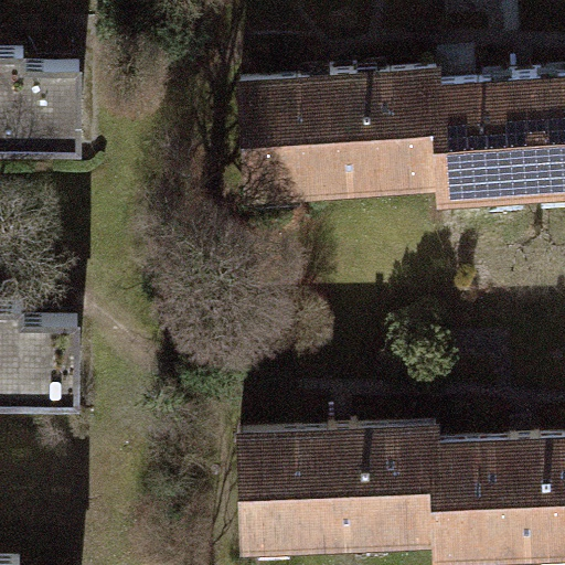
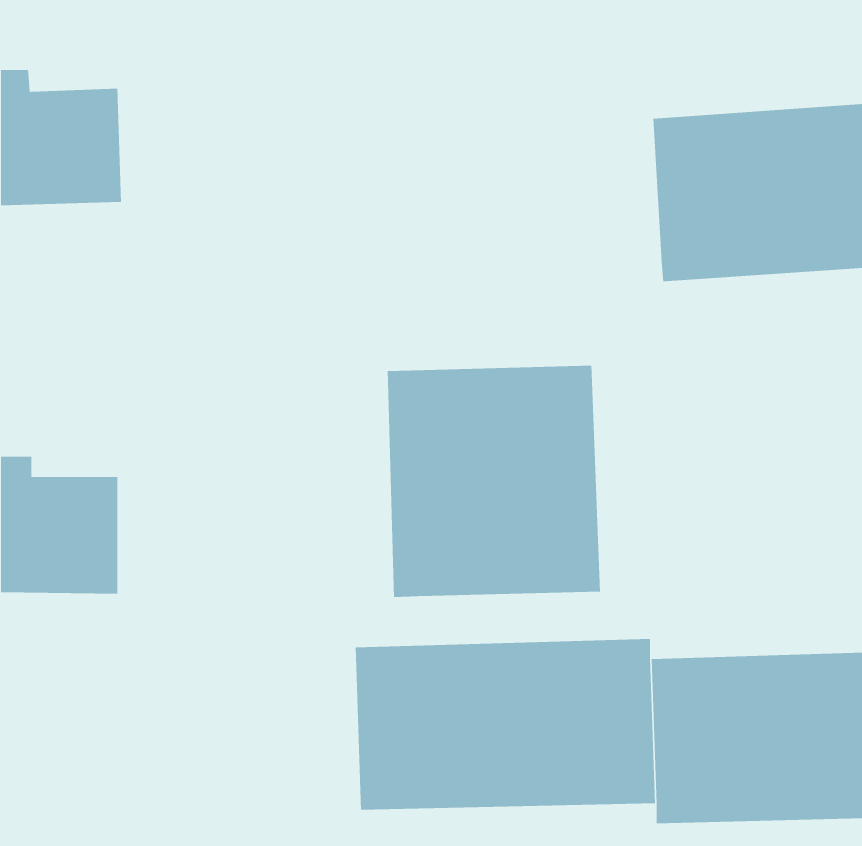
building: [231,76,433,194] -> none
building: none -> [387,365,601,598]

